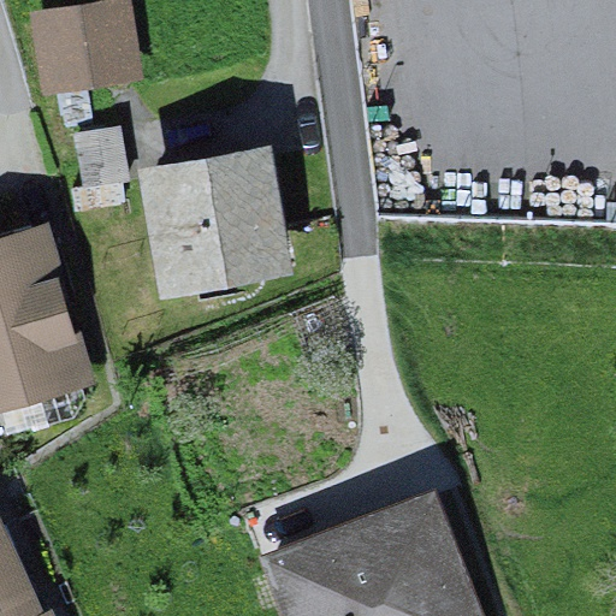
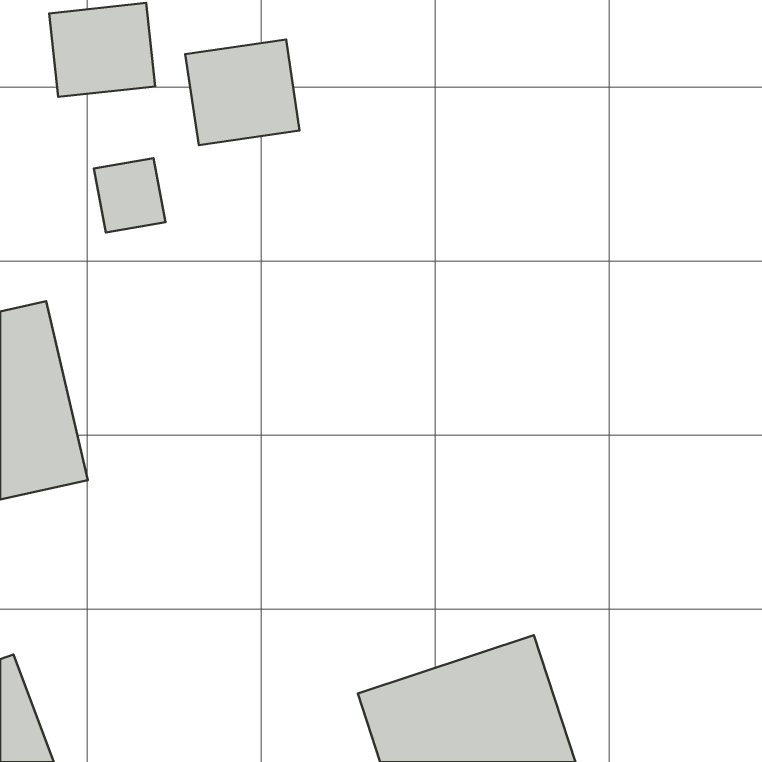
building: none -> [185,39,300,145]
building: [144,152,285,289] -> none

